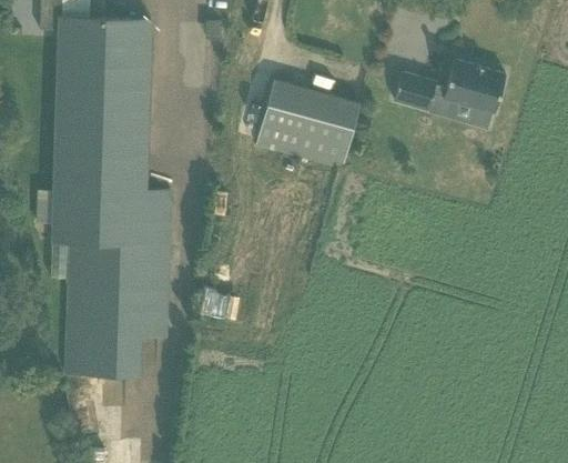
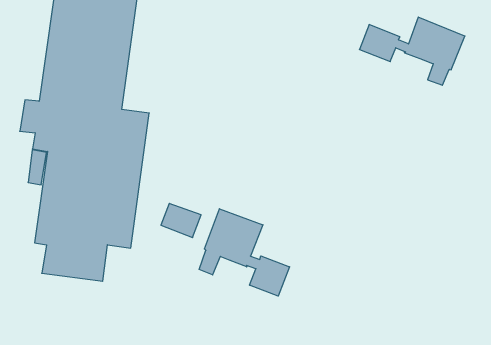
building: [256,80,357,164] -> none
building: none -> [199,209,290,296]

